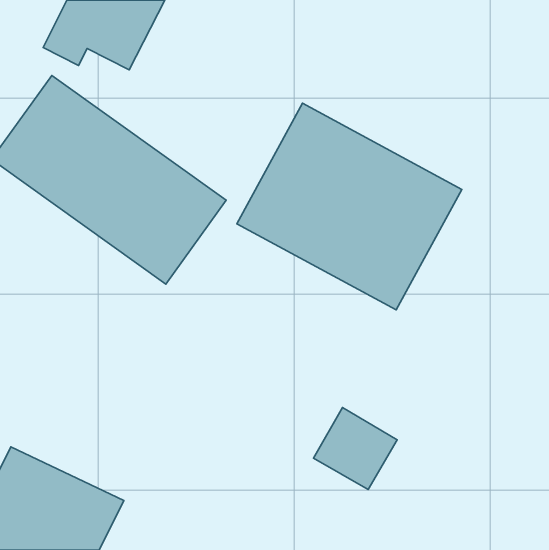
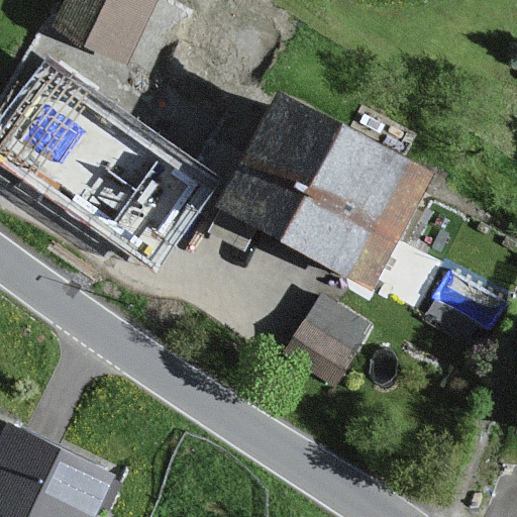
building: [313,408,397,489] -> [297,284,376,360]

